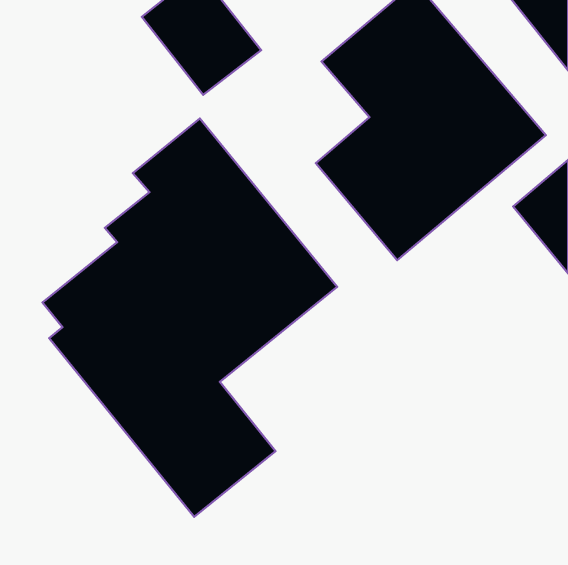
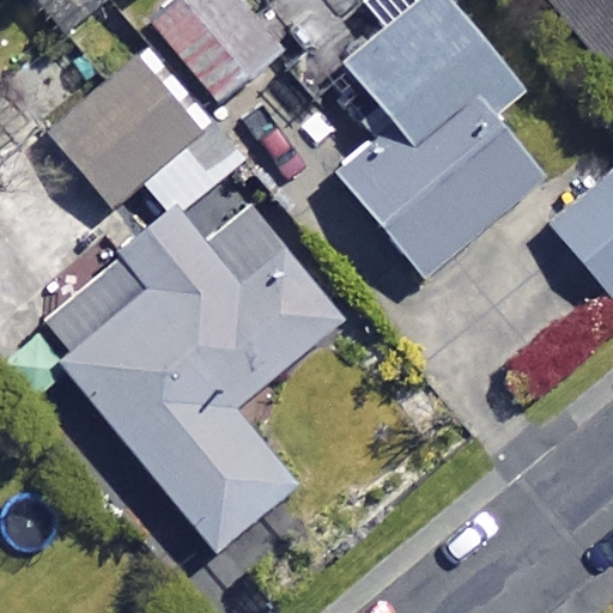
building: none -> [49,56,198,202]

